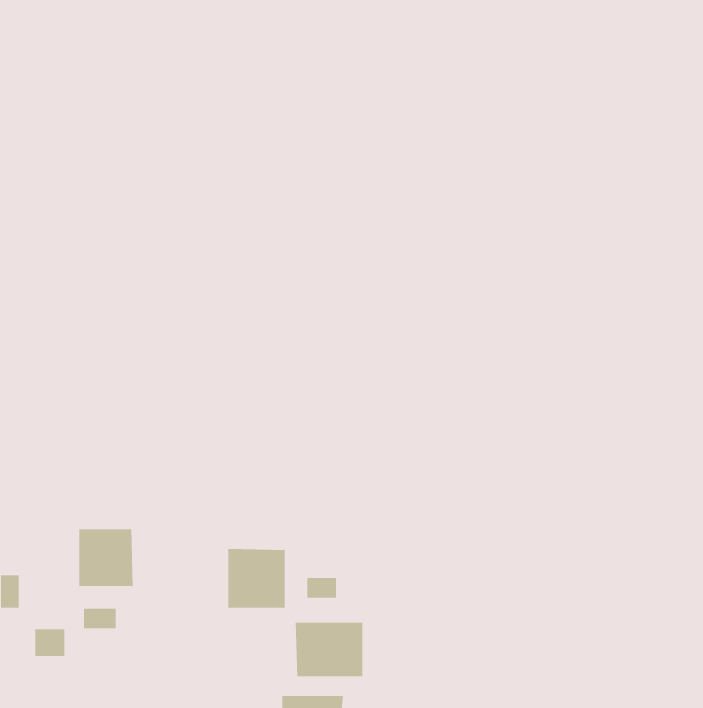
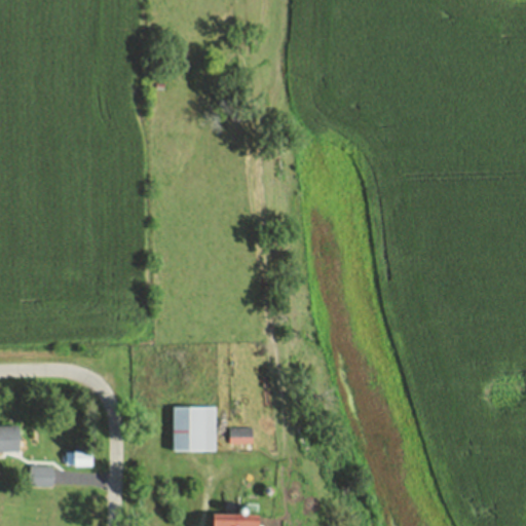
building: [79,529,133,587] -> none
building: [295,622,363,677] -> none

